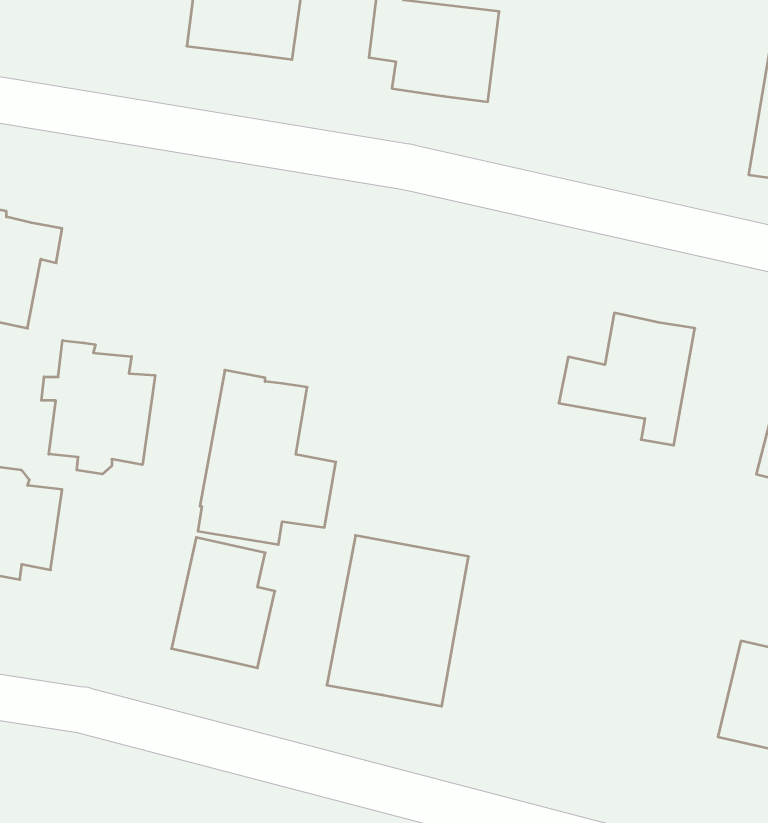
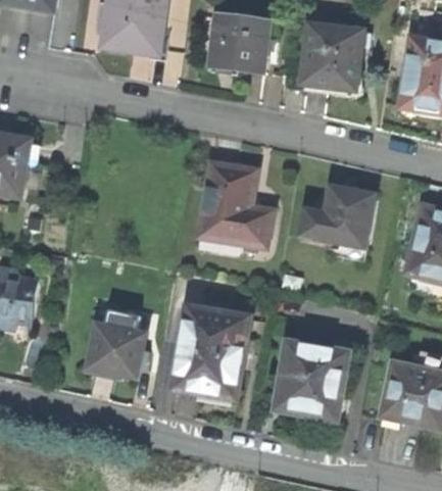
building: none -> [301,24,362,98]
building: [41,340,155,474] -> none
building: [198,370,336,545] -> [197,159,271,252]
building: none -> [279,337,351,414]

